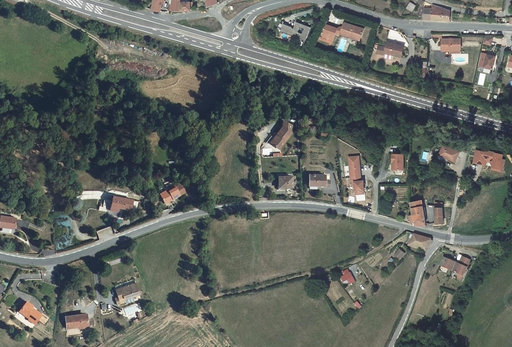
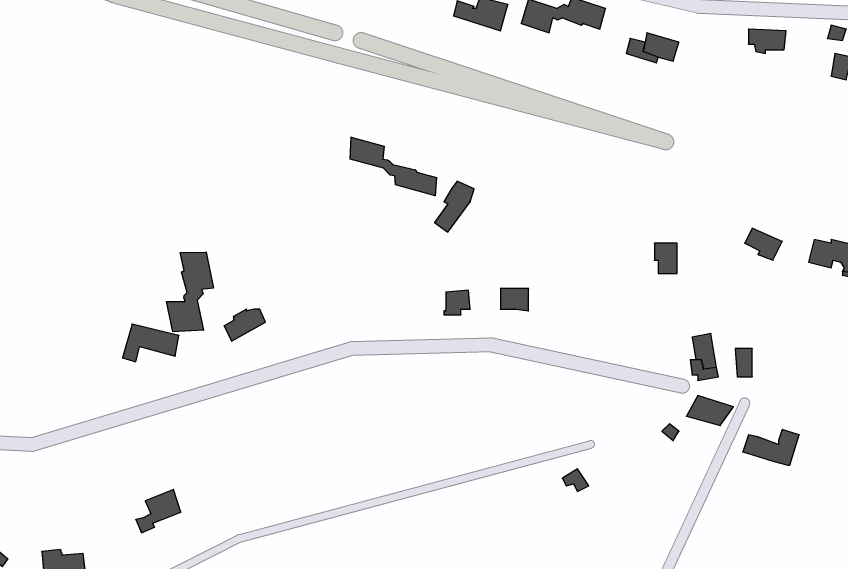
building: none -> [350,137,437,196]
building: [346,155,362,191] -> none
building: none -> [167,252,213,332]

